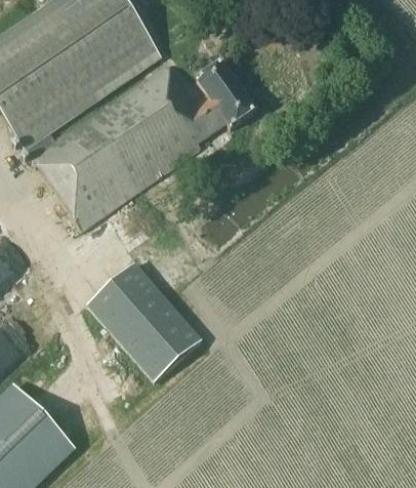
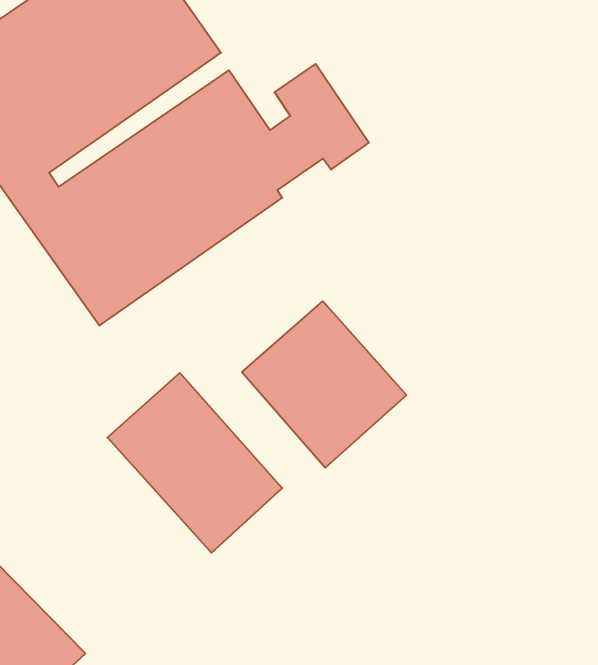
building: none -> [242,301,406,468]

